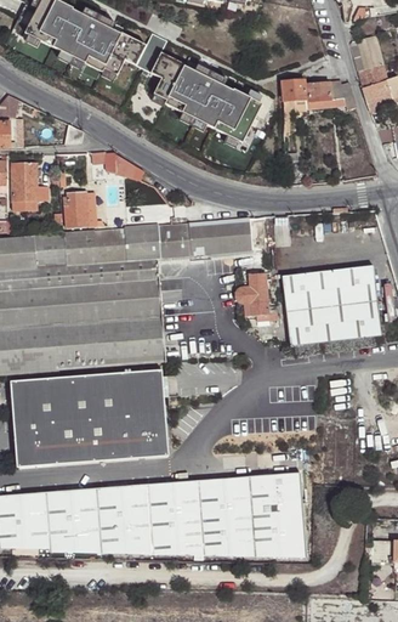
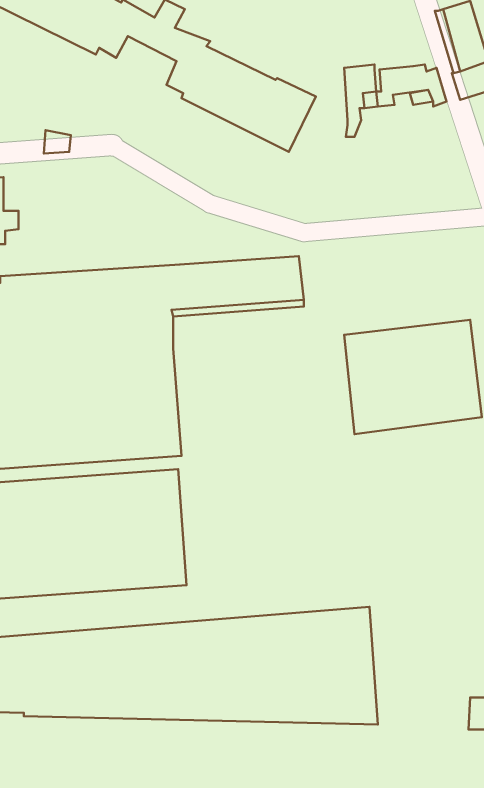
building: [104,152,142,181] -> none
building: [64,191,89,227] -> none
building: [235,271,278,315] -> none

